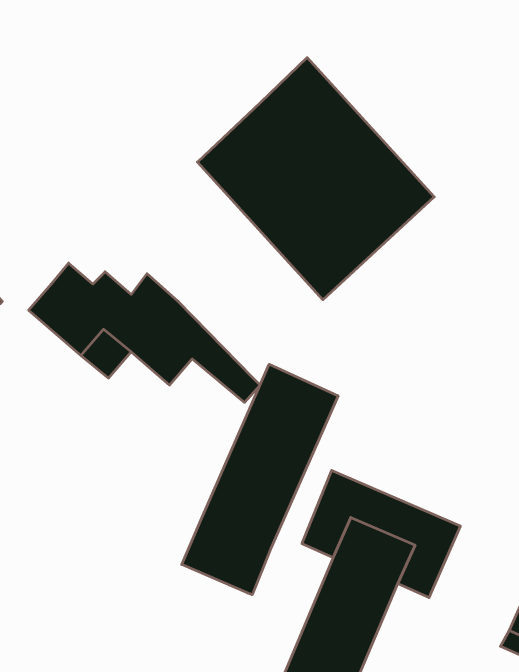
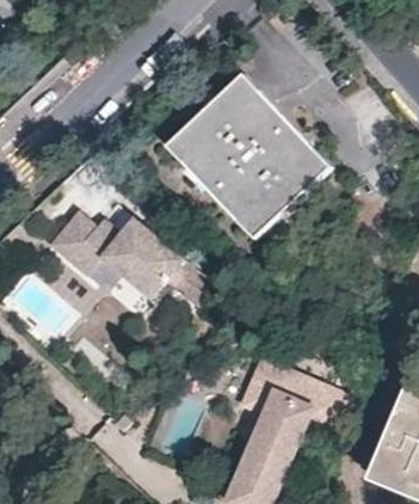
building: [182,364,338,595] -> none

